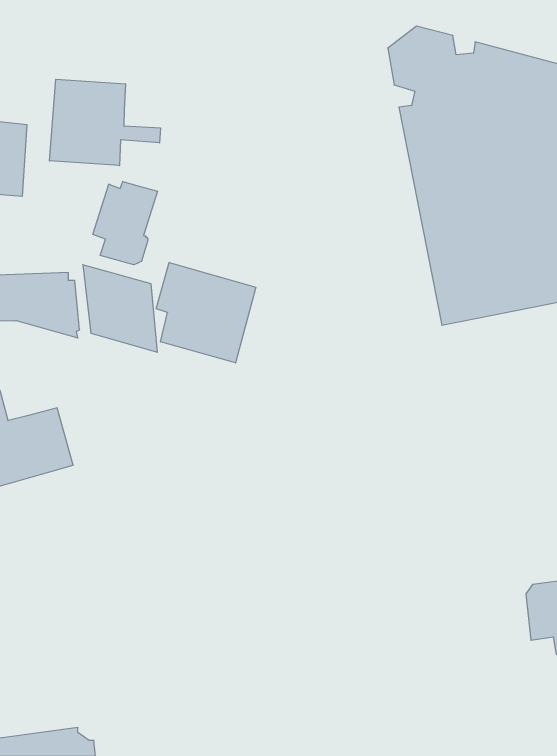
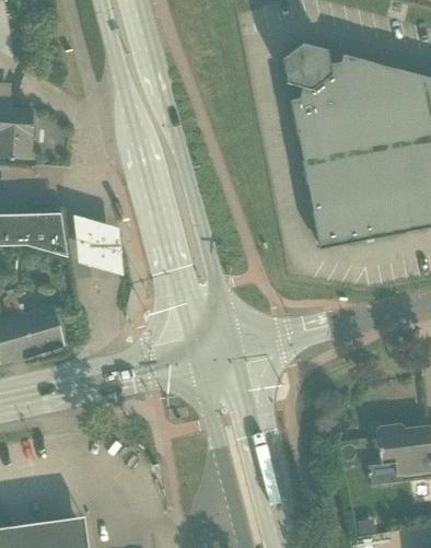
building: [50,79,160,166] -> none
building: [93,181,157,265] -> none
building: [156,262,256,363] -> none

